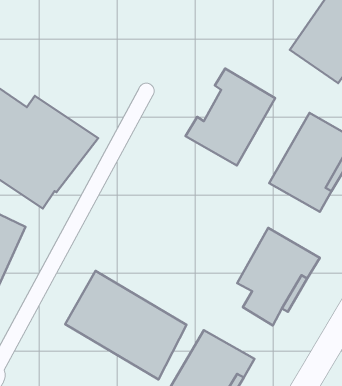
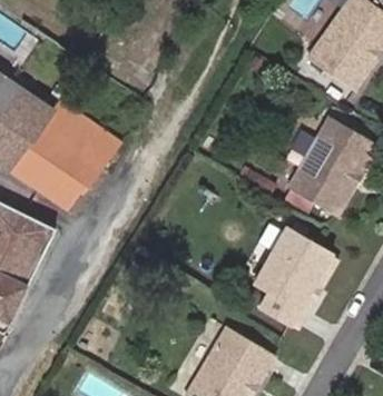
building: [186,68,275,165] -> none
building: [65,271,187,379] -> none

